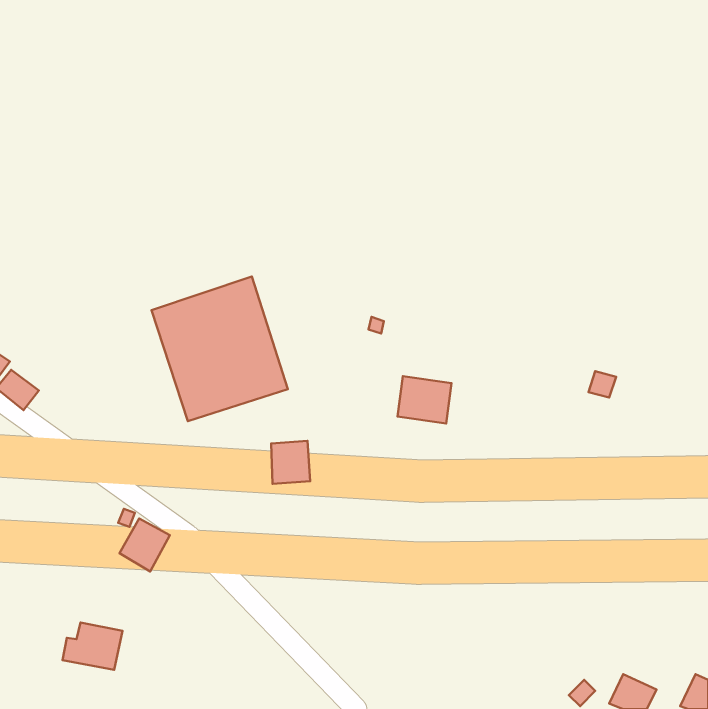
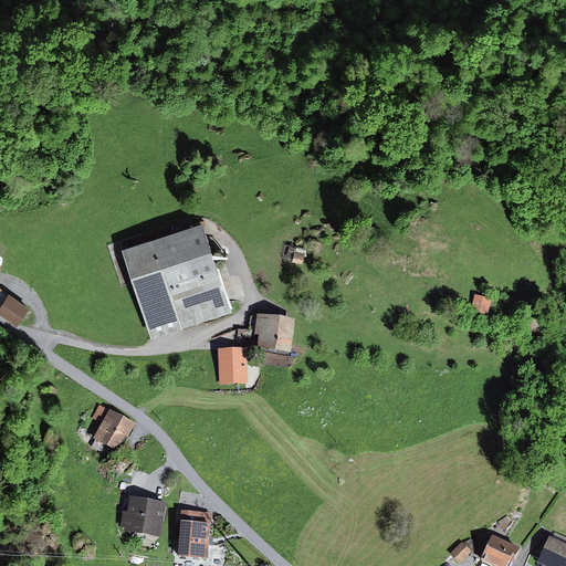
building: [397,376,452,424] -> [252,316,295,354]
building: [63,622,122,670] -> [118,499,166,536]
building: none -> [176,510,210,558]

